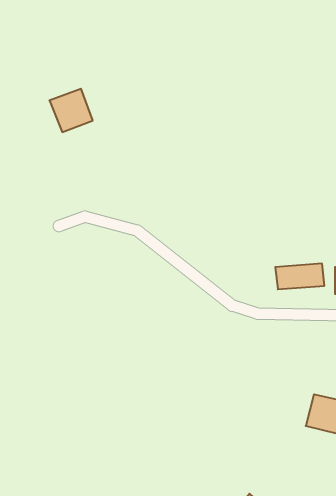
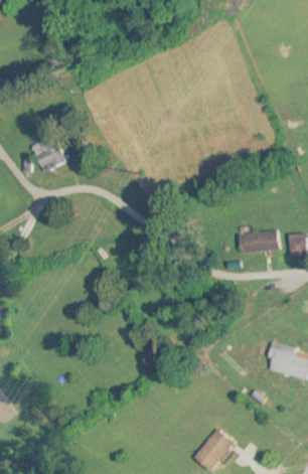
building: [49,89,93,132] -> [31,135,68,172]

